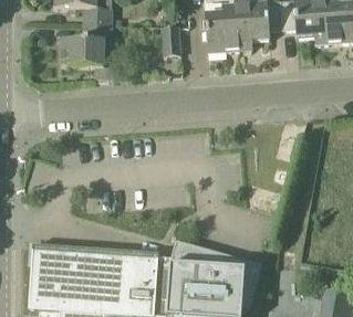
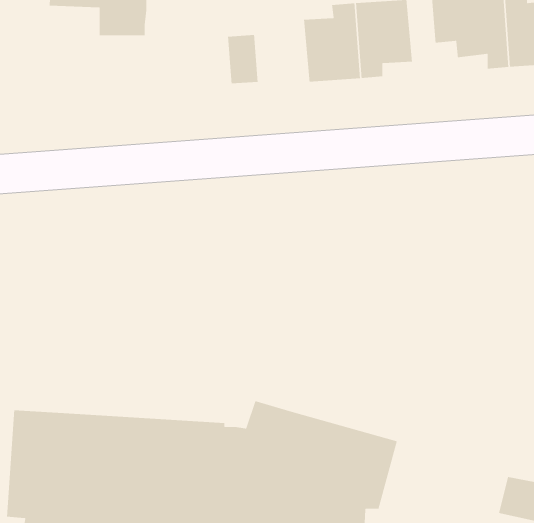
building: [61,24,113,78] -> none

